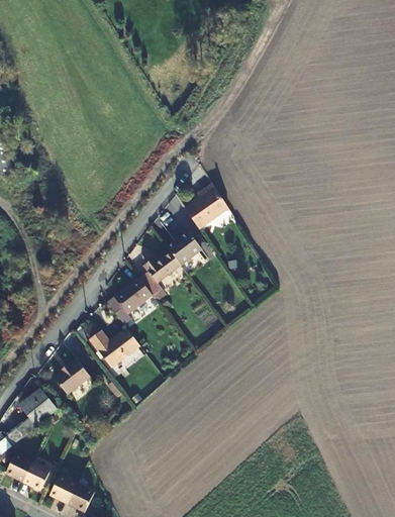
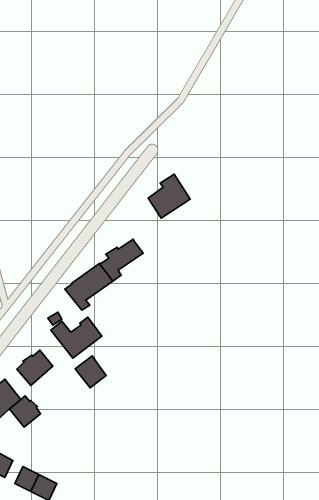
building: [169,231,203,265] -> none
building: none -> [75,356,106,388]
building: none -> [9,396,41,427]

